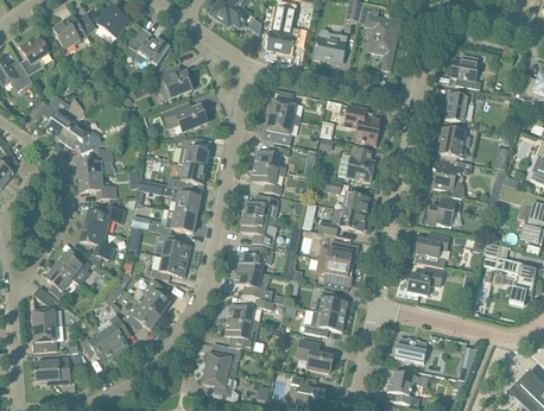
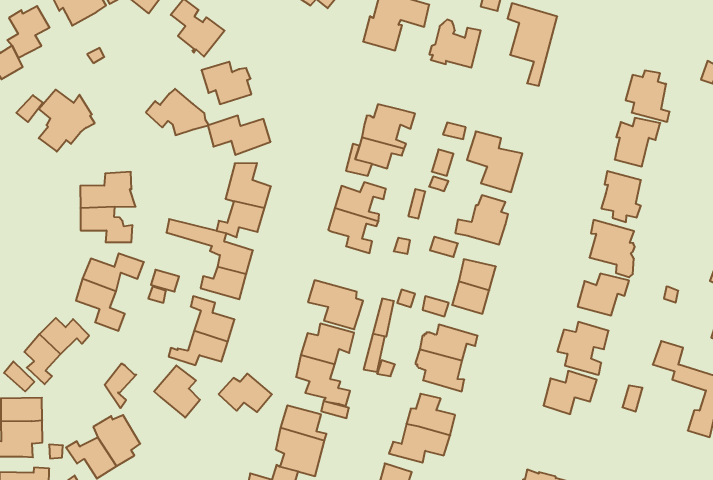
building: [59,120,103,152] -> [146,89,209,135]
building: [243,194,279,221] -> none
building: [124,303,160,329] -> [219,374,272,412]

